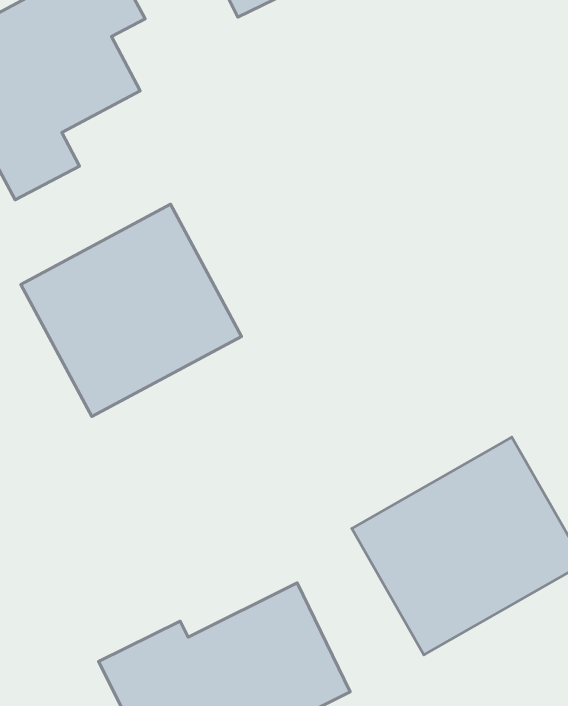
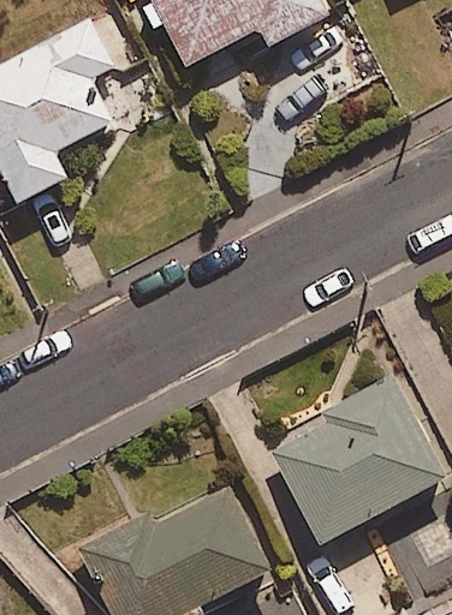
building: [21,204,241,417] -> none

